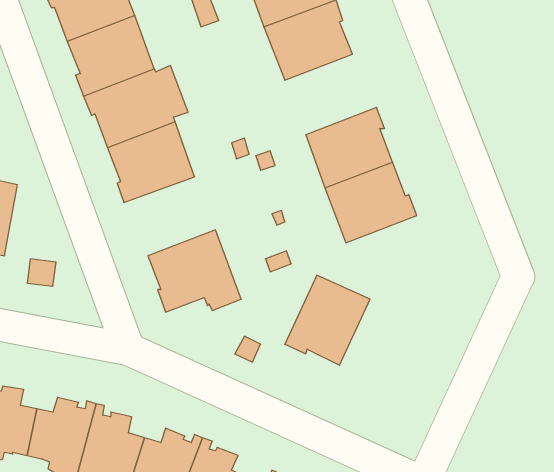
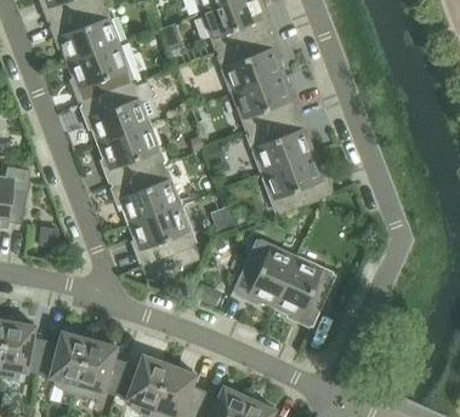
building: none -> [232,73,301,133]
building: none -> [110,165,180,224]
building: none -> [273,257,336,327]

